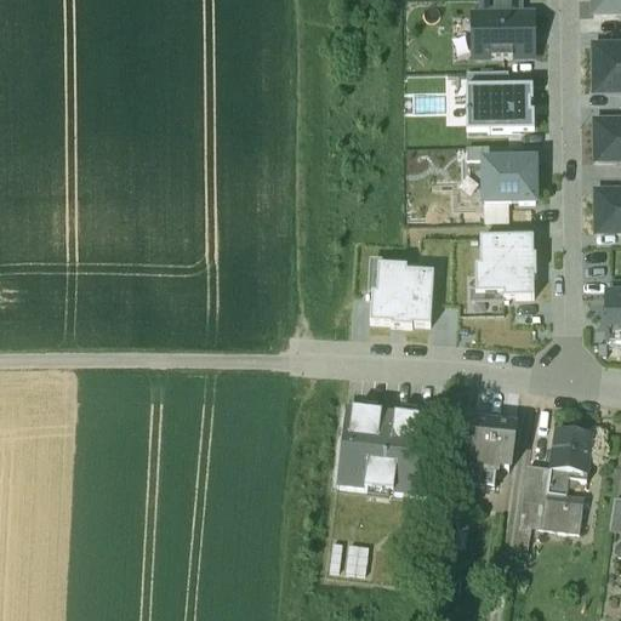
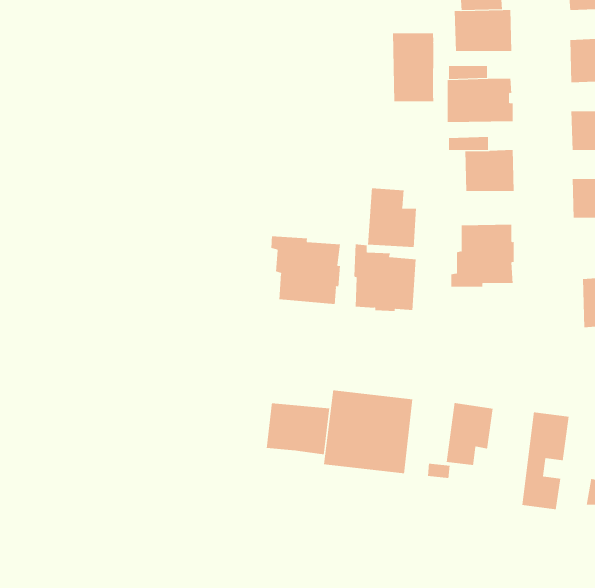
building: none -> [392,33,434,102]
building: none -> [368,187,417,248]
building: none -> [271,235,341,305]
building: none -> [266,402,330,455]
building: [520,465,551,525] -> none

